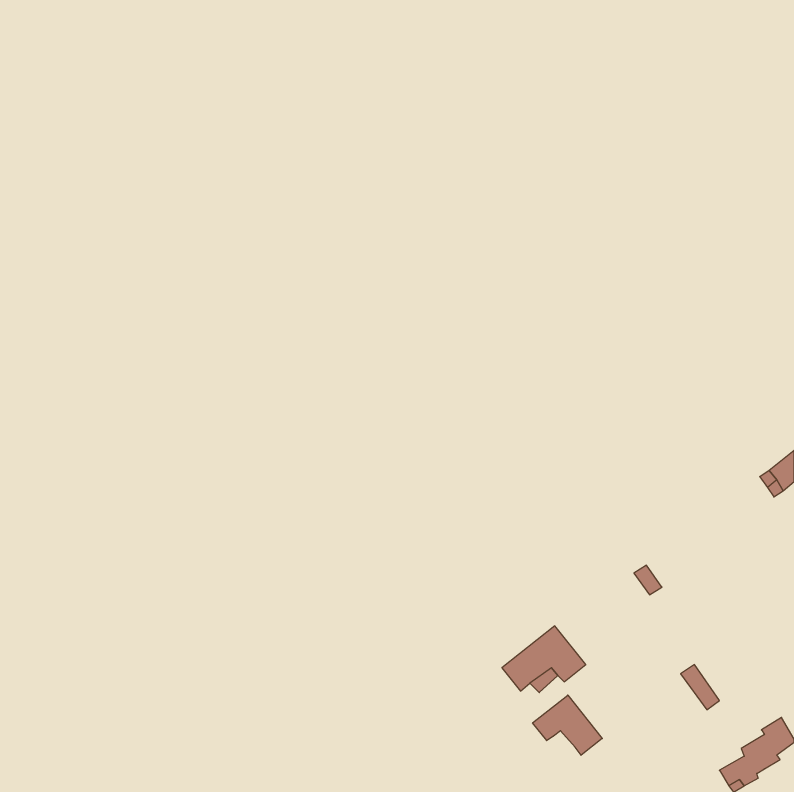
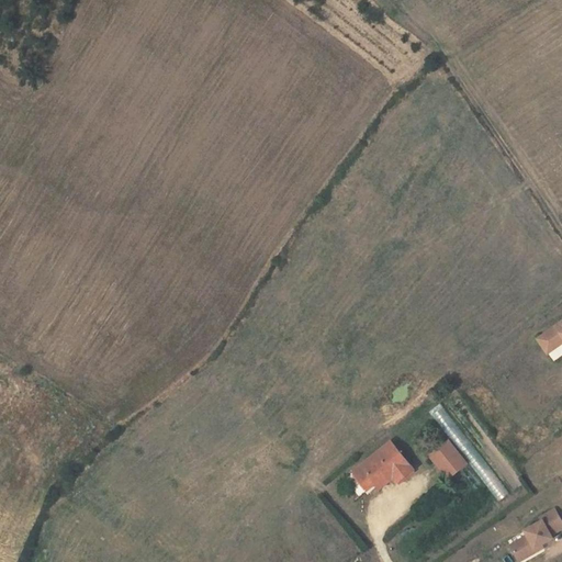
building: none -> [430,442,467,479]
building: [533,695,602,755] -> none

